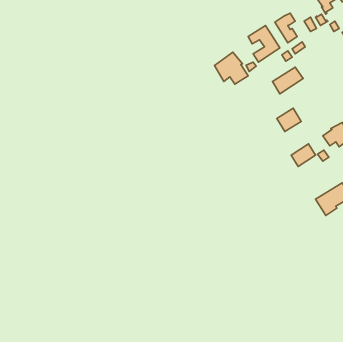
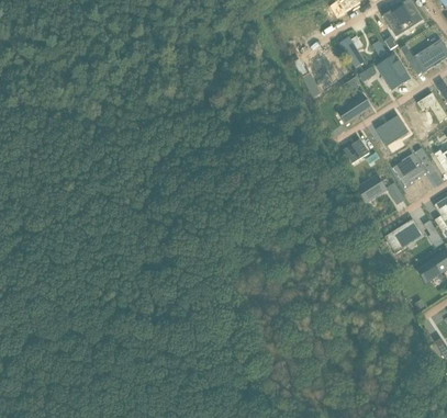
building: none -> [378,56,409,89]
building: [214,52,248,84] -> none
building: none -> [376,115,409,146]

